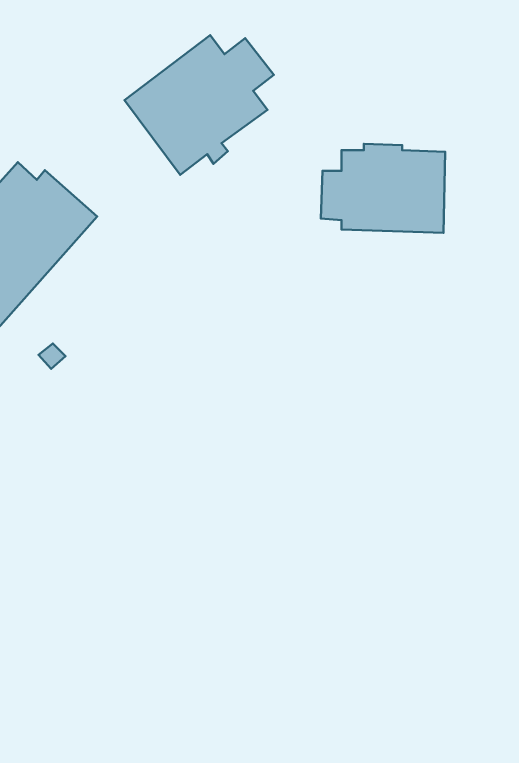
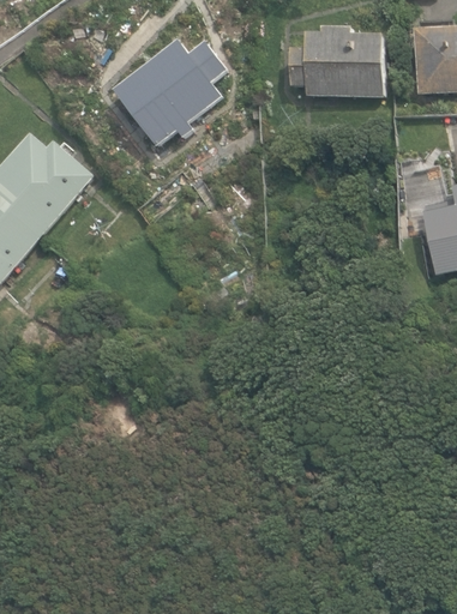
building: [321,144,445,233] -> [289,29,383,96]

